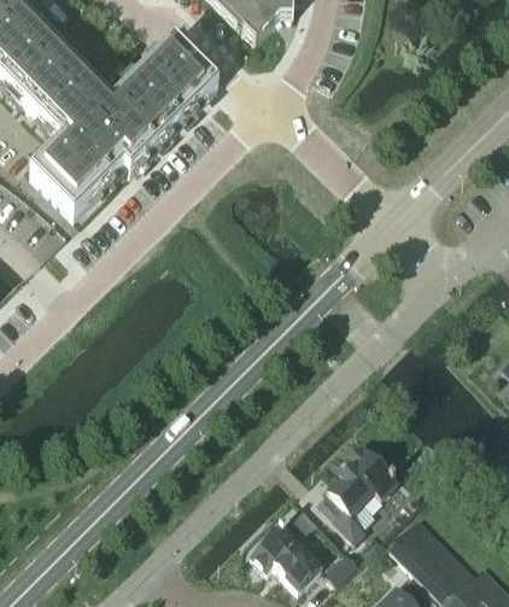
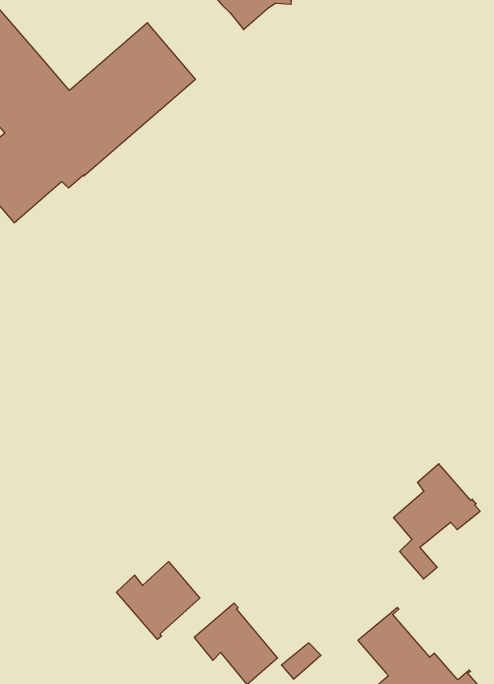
building: [326,443,398,541] -> [393,464,480,579]
building: none -> [117,562,200,639]

